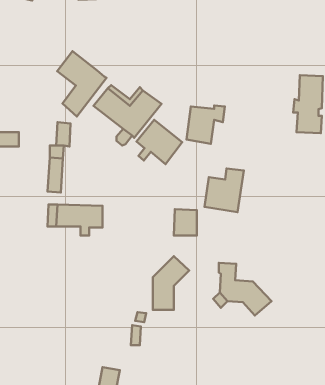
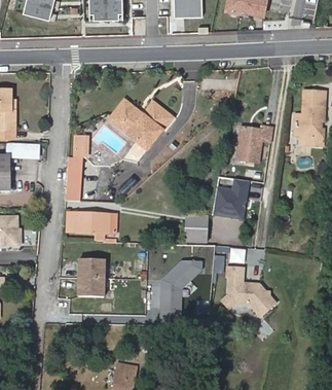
building: [57,51,107,116] -> none
building: [187,106,225,144] -> [235,126,271,162]
building: [137,120,182,164] -> none
building: none -> [77,258,104,296]

